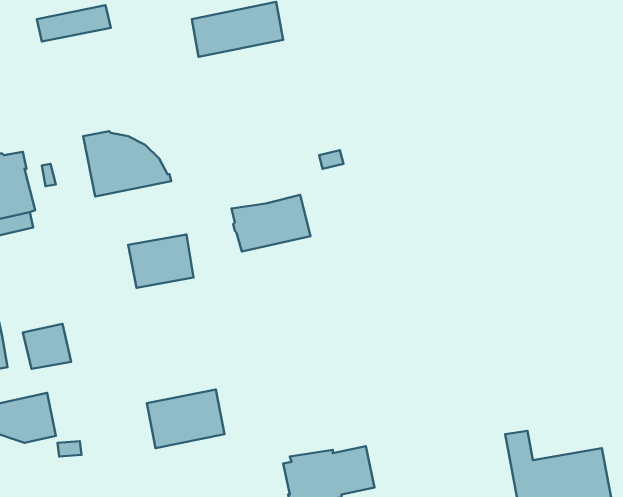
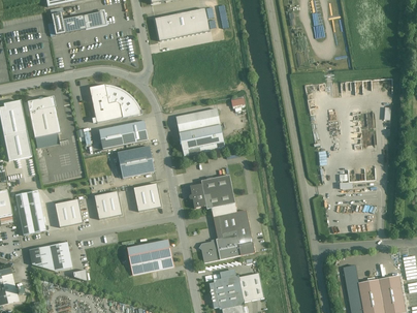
building: none -> [175,107,219,129]
building: none -> [99,121,148,149]
building: none -> [189,175,234,208]
building: none -> [133,183,161,211]
building: none -> [94,191,122,219]
building: none -> [199,210,254,262]

